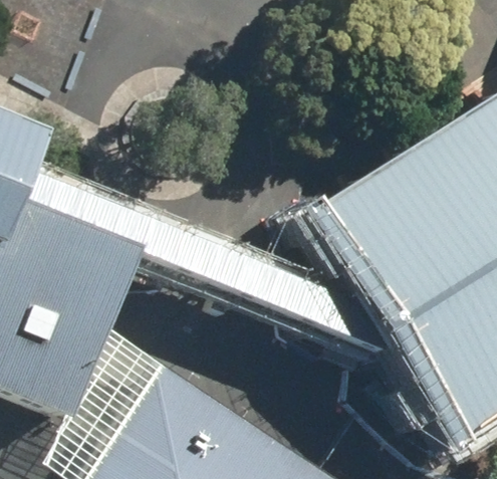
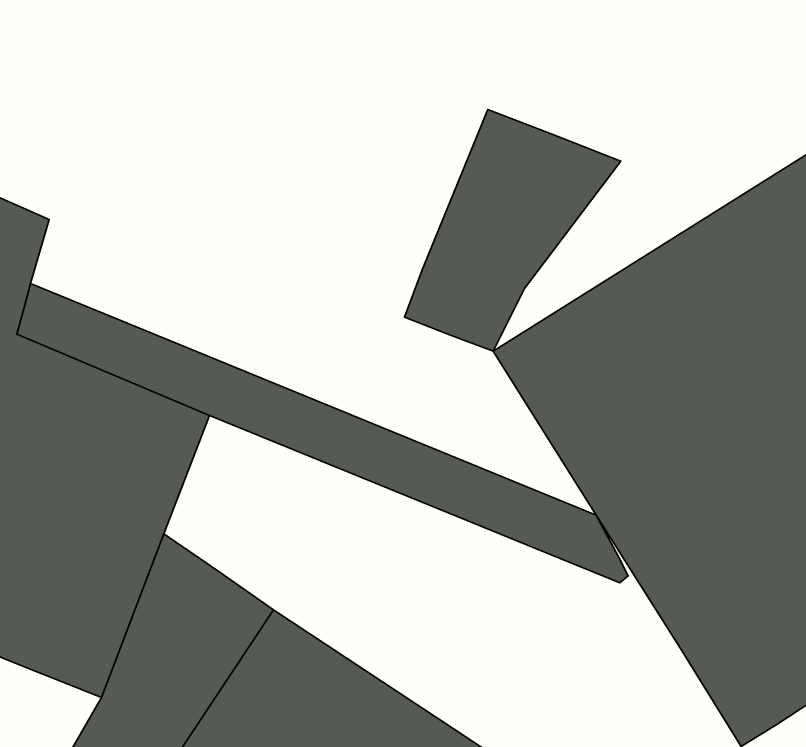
building: none -> [405,109,621,351]

